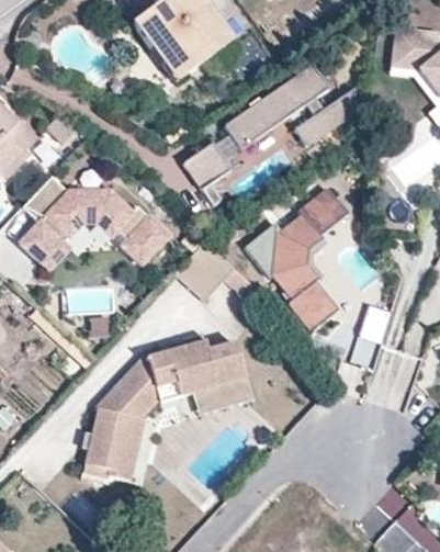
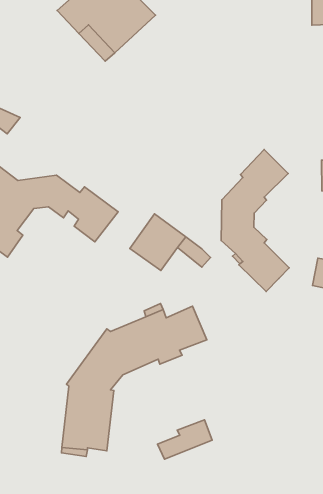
building: [226,68,358,154] -> none
building: [185,147,234,210] -> none
building: [194,378,251,414] -> [157,420,212,459]

